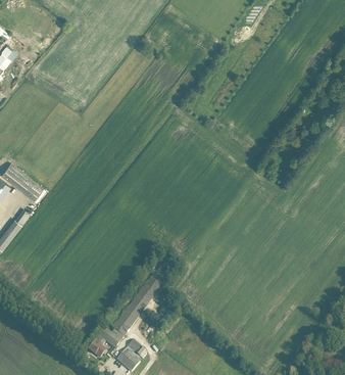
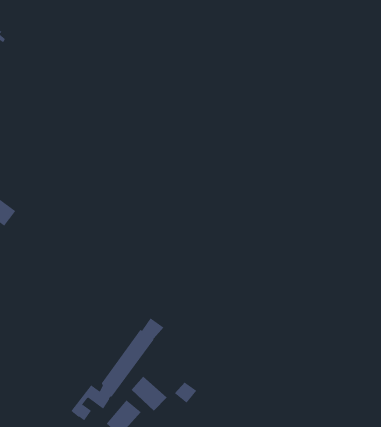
building: none -> [131,376,167,412]

